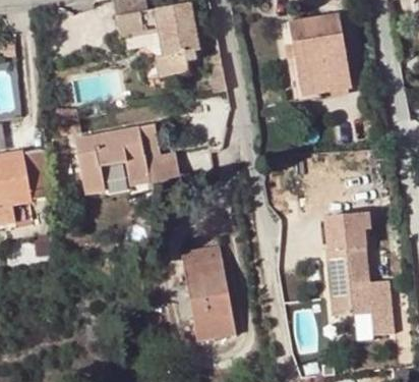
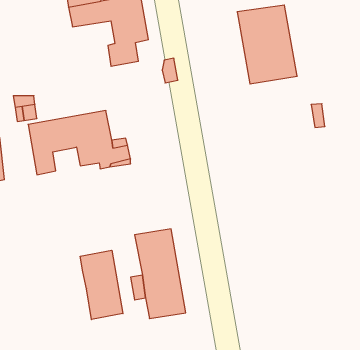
building: [323,213,399,335] -> none
building: none -> [80,250,123,320]

